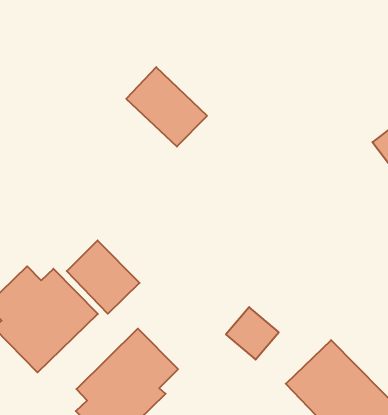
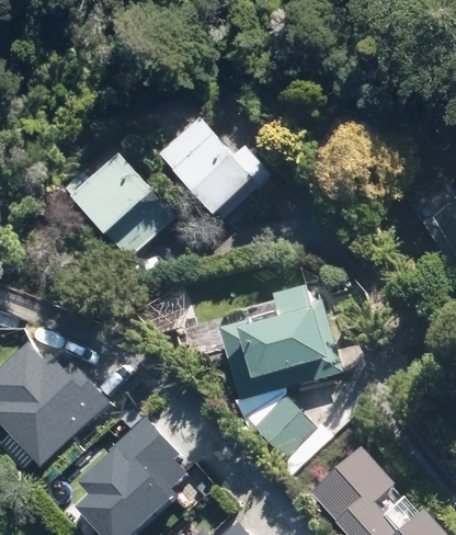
building: none -> [66,160,163,257]
building: none -> [218,292,337,396]
building: [67,240,140,314] -> none

